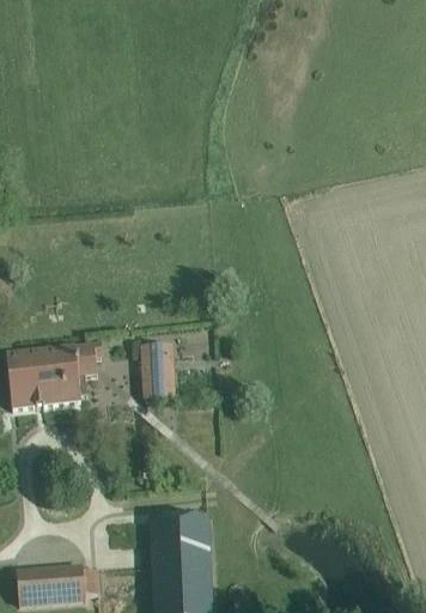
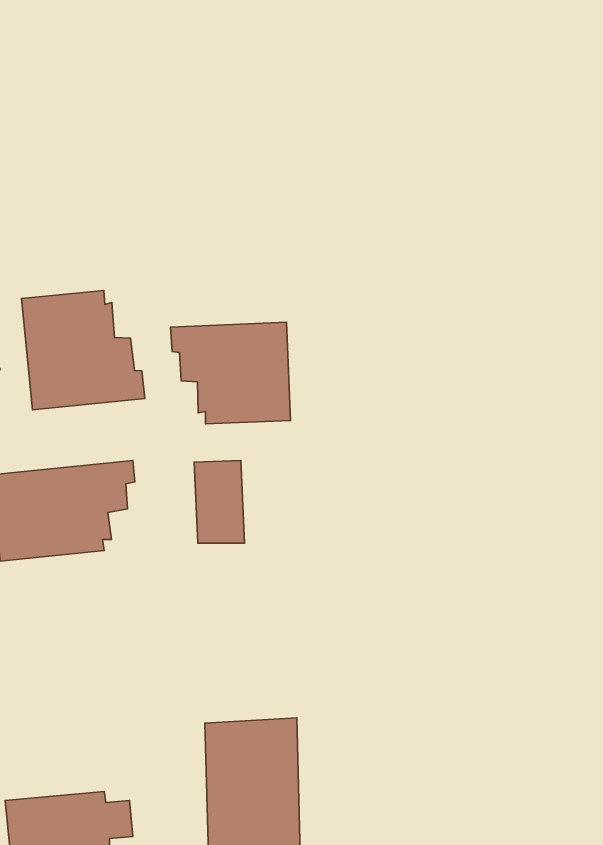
building: none -> [21,290,145,410]
building: none -> [171,322,290,424]

